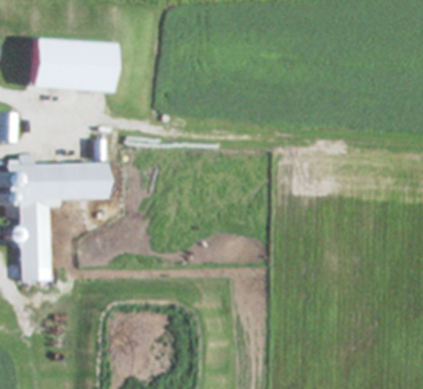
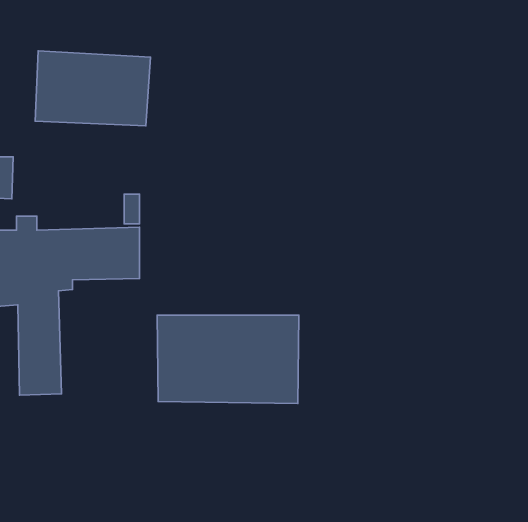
building: none -> [157,315,299,403]

